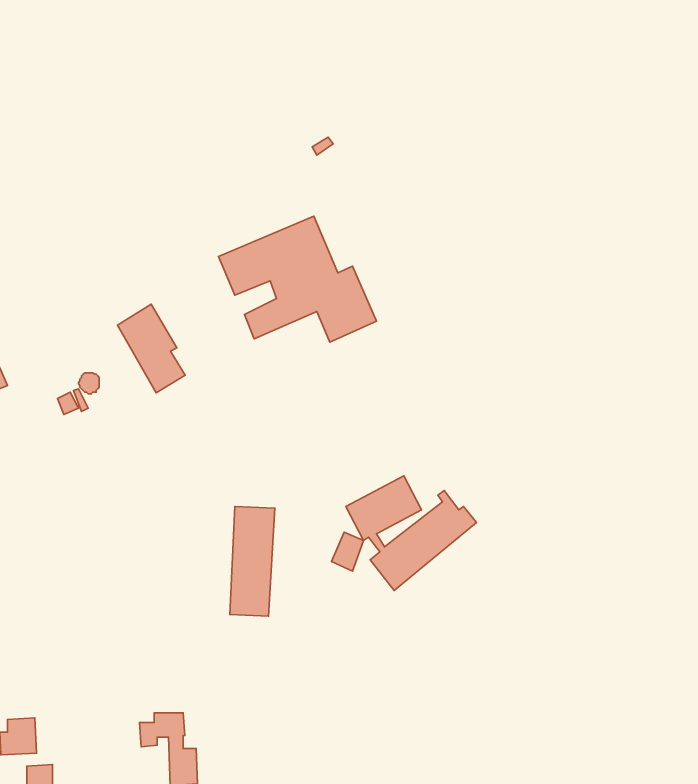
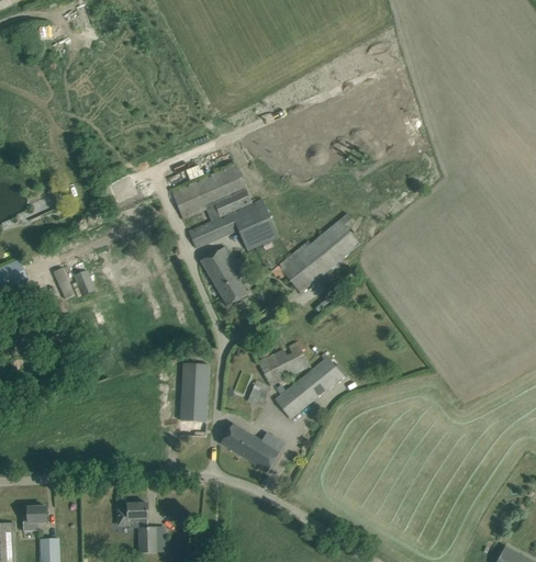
building: none -> [278,212,360,292]
building: [117,304,185,393] -> [201,246,247,306]
building: none -> [221,424,284,471]

